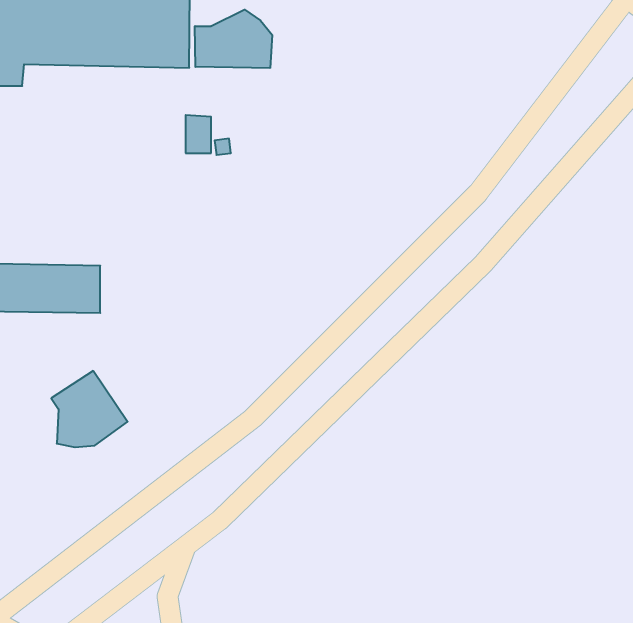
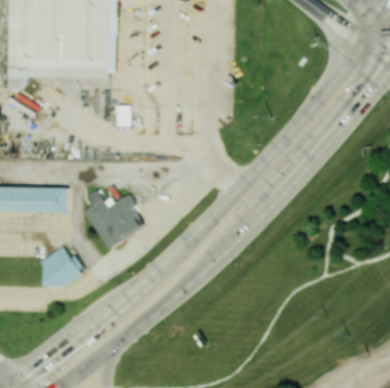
building: [195,10,272,68] -> none
building: none -> [82,190,142,248]

